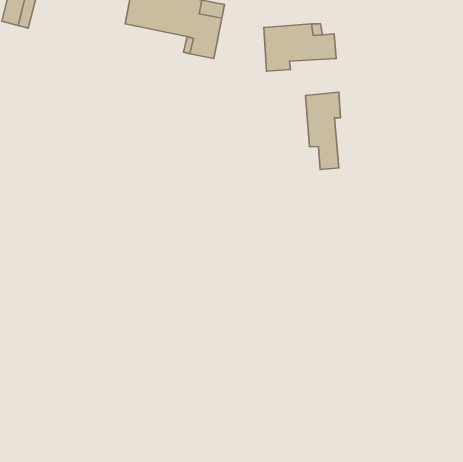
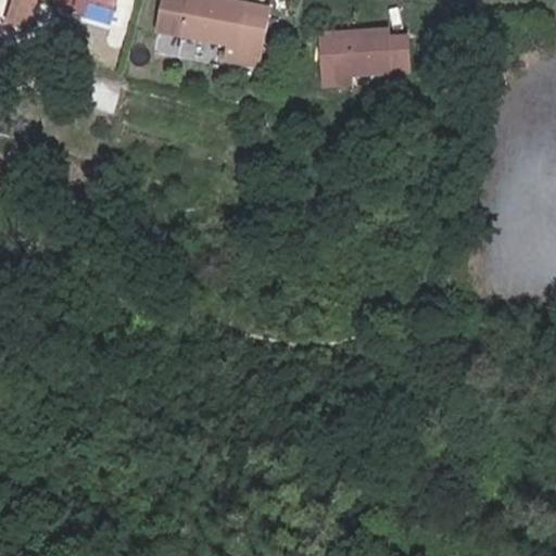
building: [306,92,341,169] -> none

